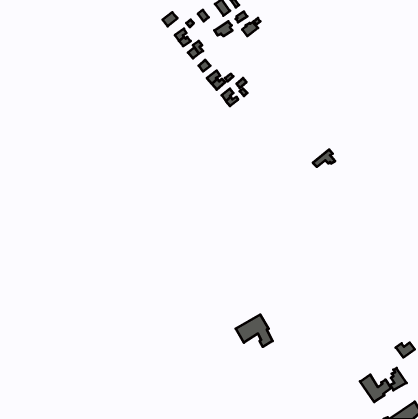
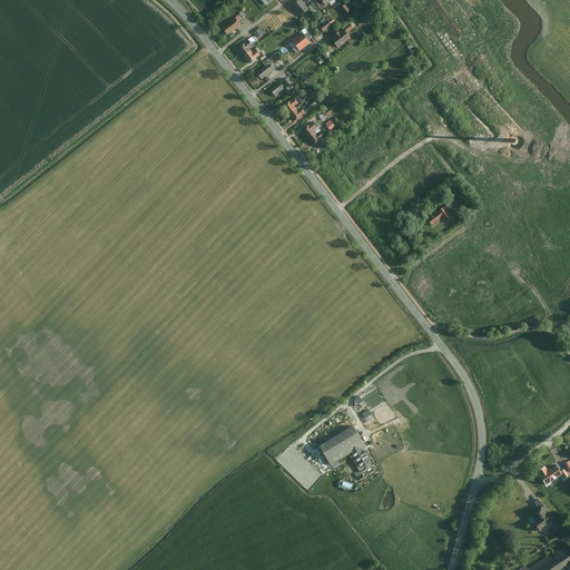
building: [360,375,391,402] -> none

